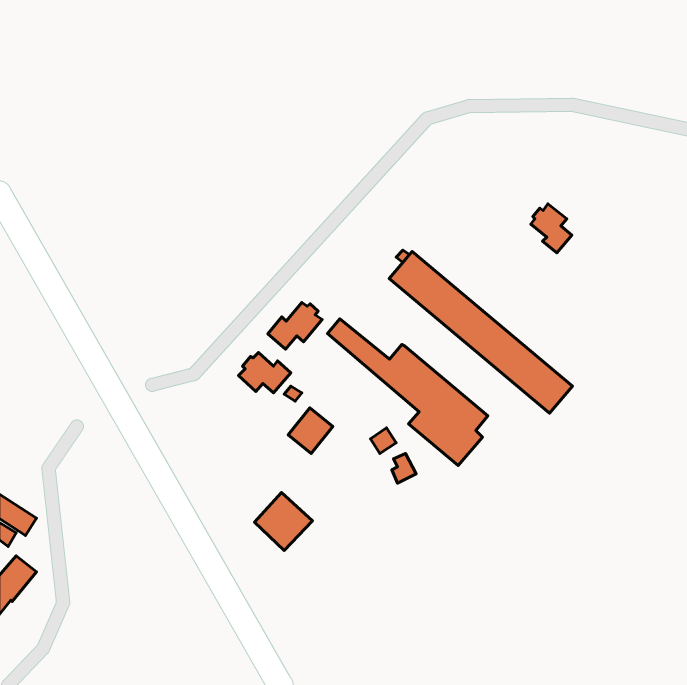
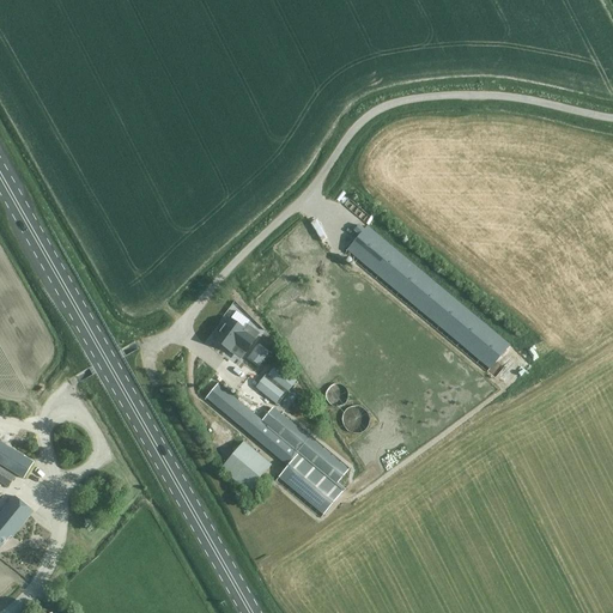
building: [531,204,572,253] -> none
building: [268,302,322,349] -> none
building: [328,319,488,466] -> [206,382,348,512]

